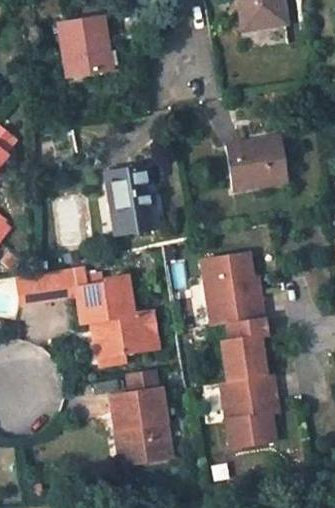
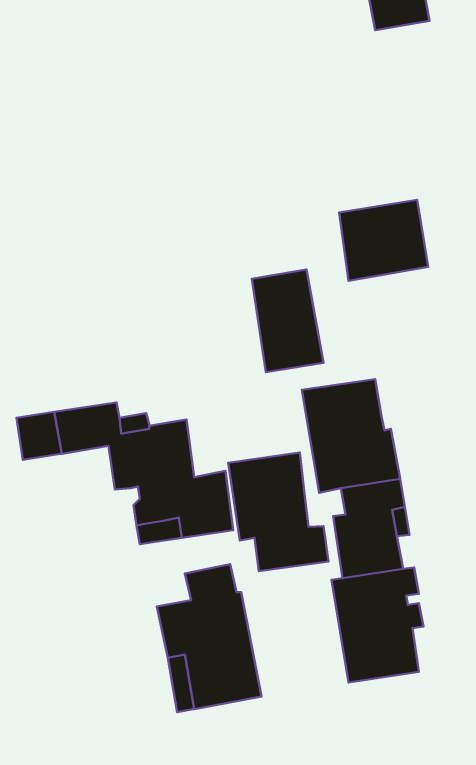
building: [59,16,111,76] -> none
building: [109,167,155,233] -> [252,269,324,372]
building: none -> [228,452,328,571]

